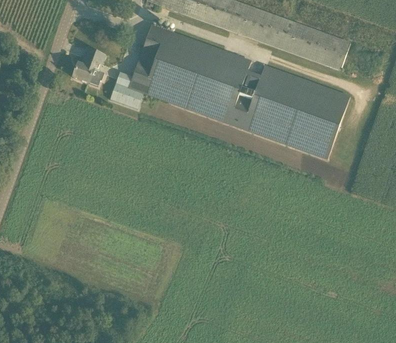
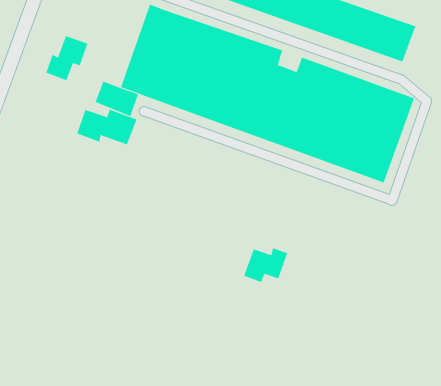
building: none -> [77,109,137,145]
building: none -> [243,247,288,283]

